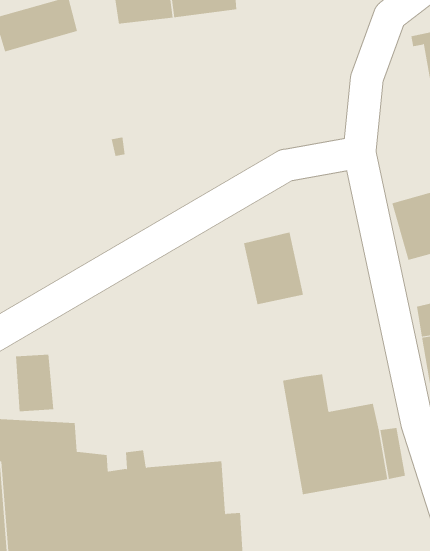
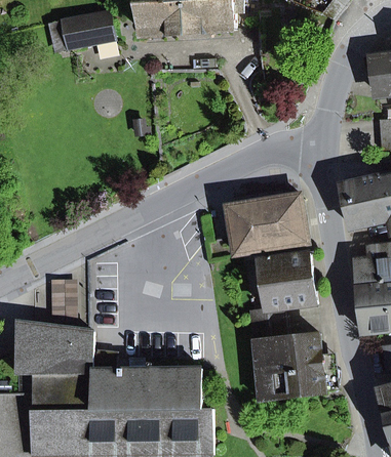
building: none -> [262,196,305,249]
building: none -> [258,251,314,310]

